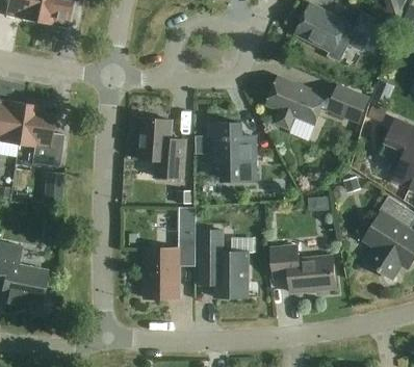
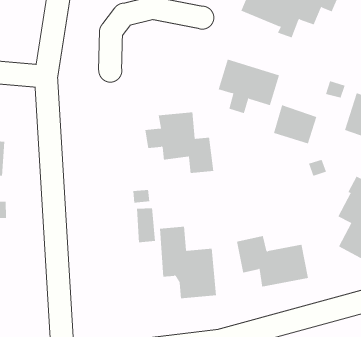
building: [329,83,371,123] -> [273,104,317,144]
building: [140,117,186,179] -> none
building: [145,248,180,297] -> none

